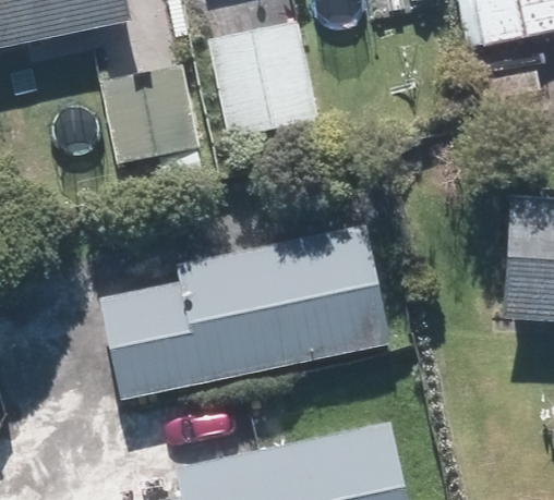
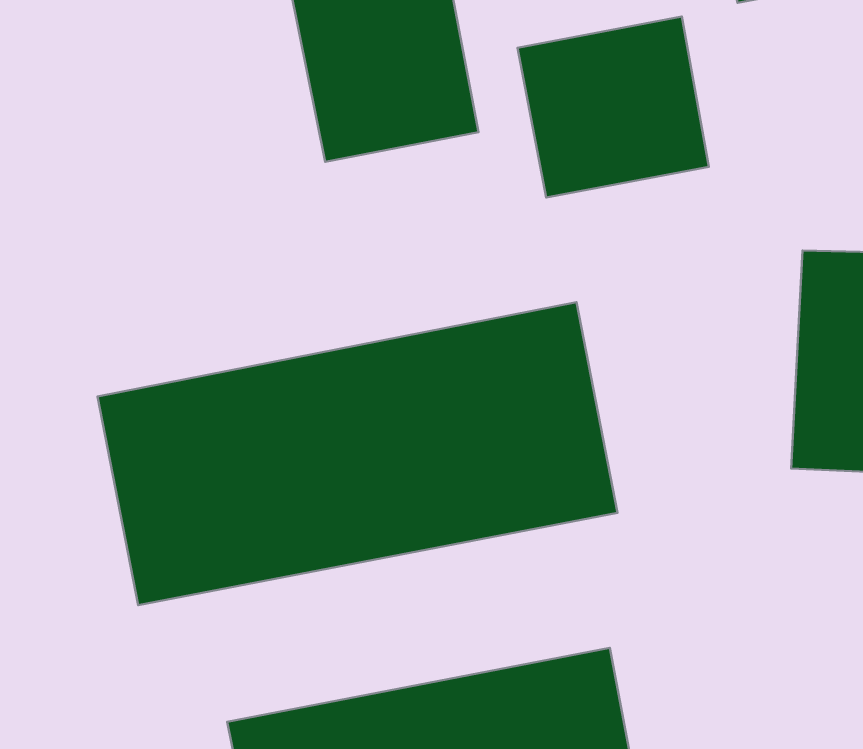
building: [95,52,207,186] -> none
building: none -> [517,16,709,197]

